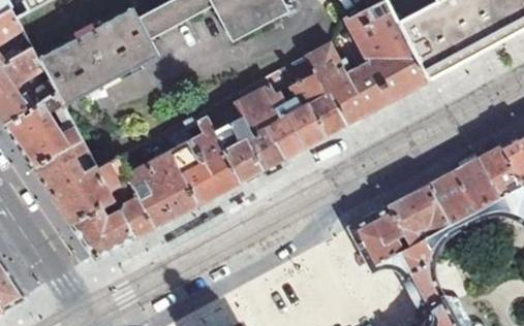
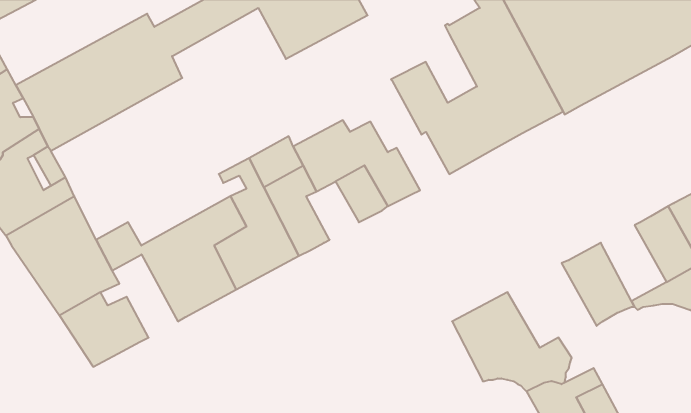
building: [270,58,348,135] -> none
building: [247,129,284,170] -> none
building: [456,160,502,214] -> none
building: [110,181,156,239] -> none
building: [390,187,453,254] -> none

